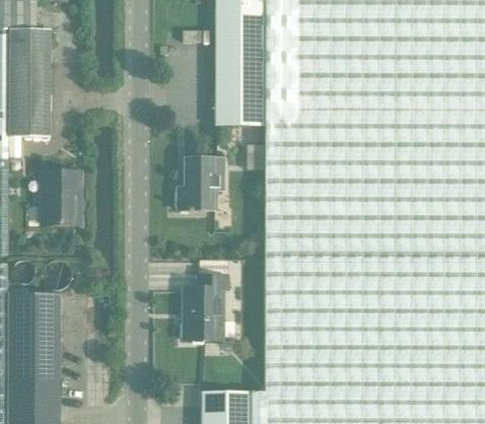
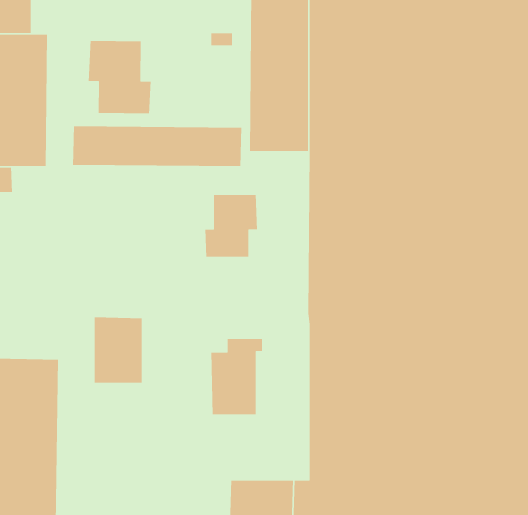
building: none -> [88,40,151,114]
building: none -> [72,125,242,167]
building: [42,170,81,225] -> [94,316,142,384]

